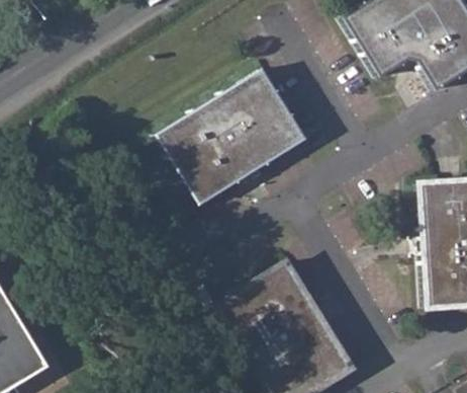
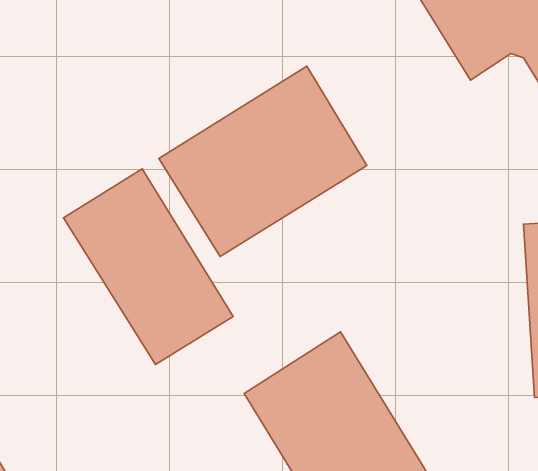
building: none -> [64,169,233,365]

